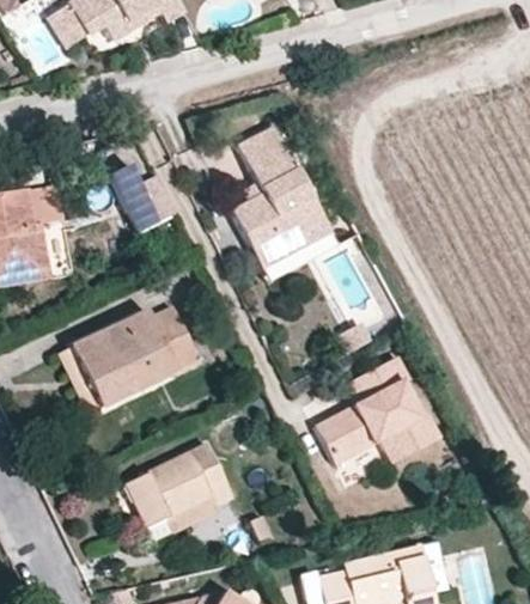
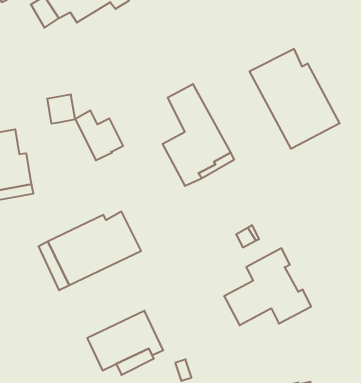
building: none -> [250,49,340,149]
building: [25,184,65,225] -> [47,94,75,123]

